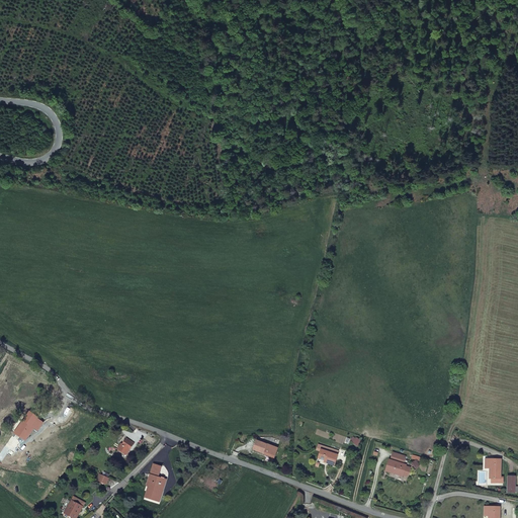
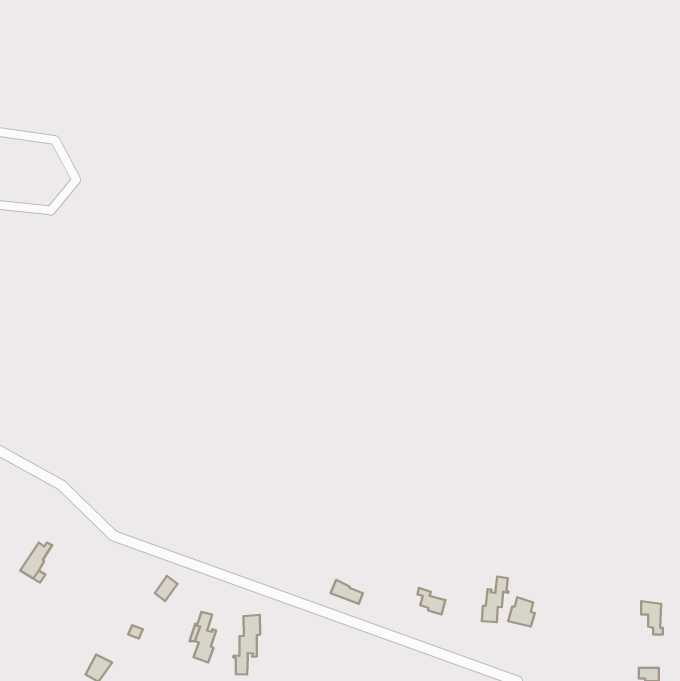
building: none -> [482,576,509,622]
building: none -> [233,615,260,675]

